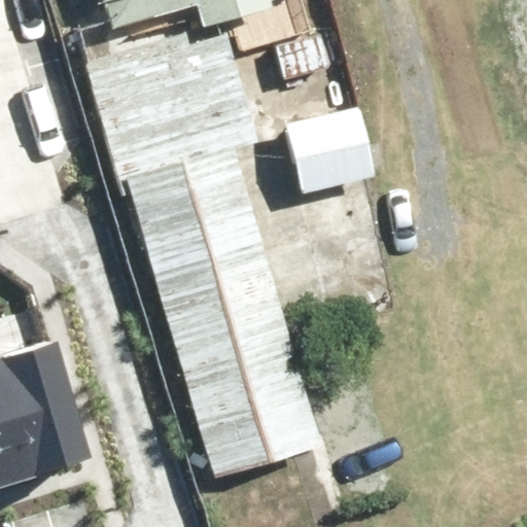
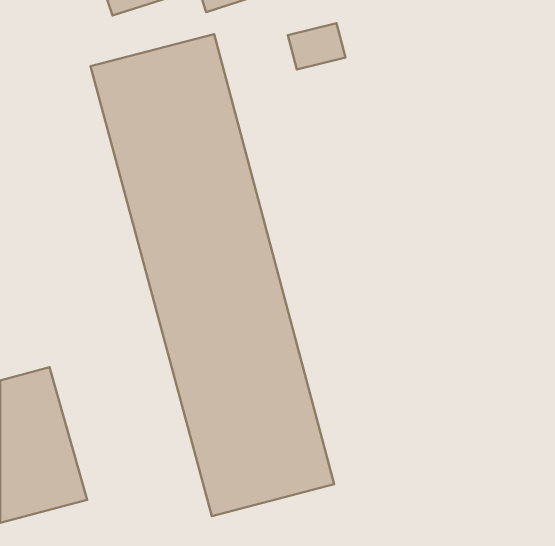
building: [283,94,392,181] -> none

